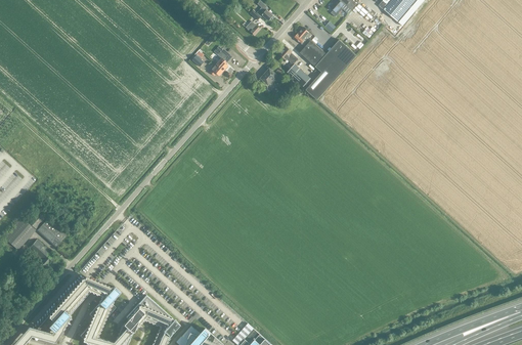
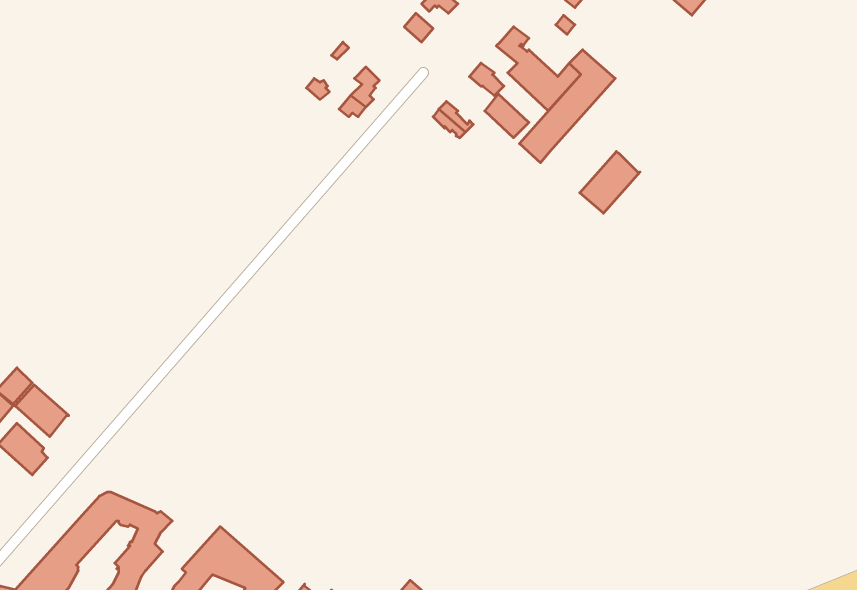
building: none -> [580,151,640,213]

